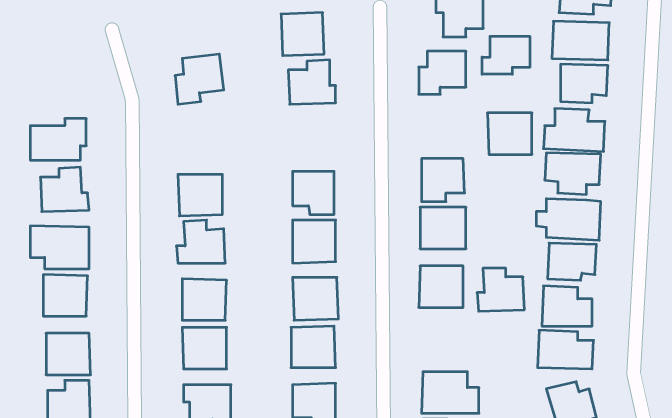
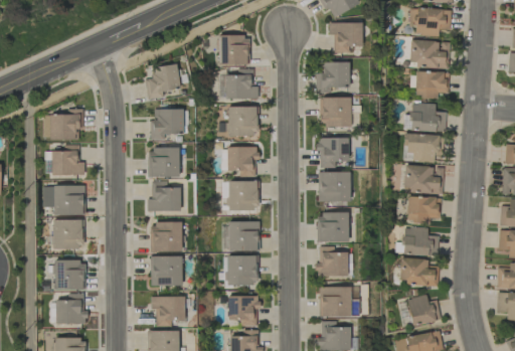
building: [482,36,530,74] -> none
building: [487,113,532,154] -> [320,98,351,127]
building: none -> [228,107,260,136]
building: none -> [151,109,184,141]
building: [477,268,524,311] -> [315,246,348,277]

